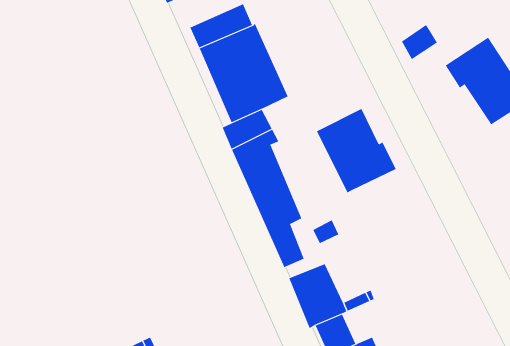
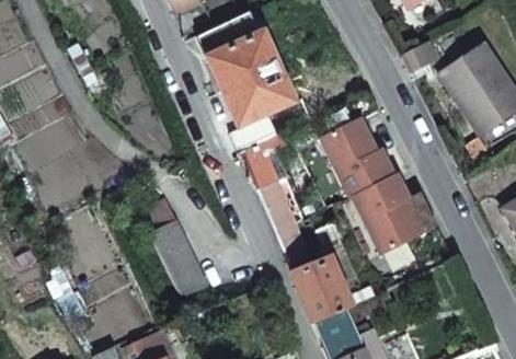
building: none -> [353,171,421,252]
building: none -> [141,198,209,297]

